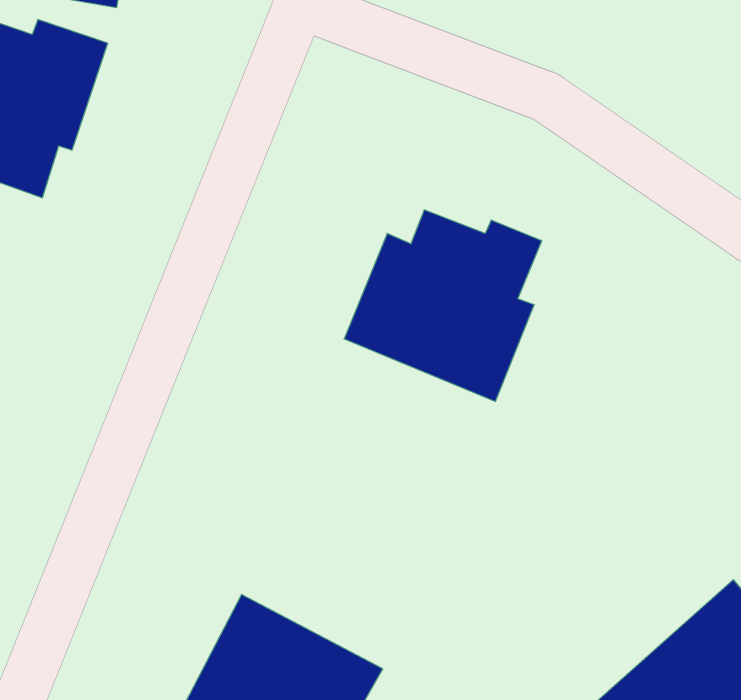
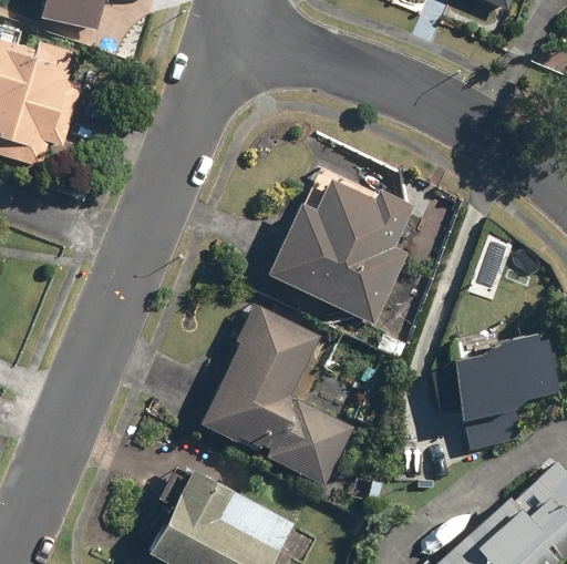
building: none -> [202,302,353,484]
building: none -> [449,340,557,442]

